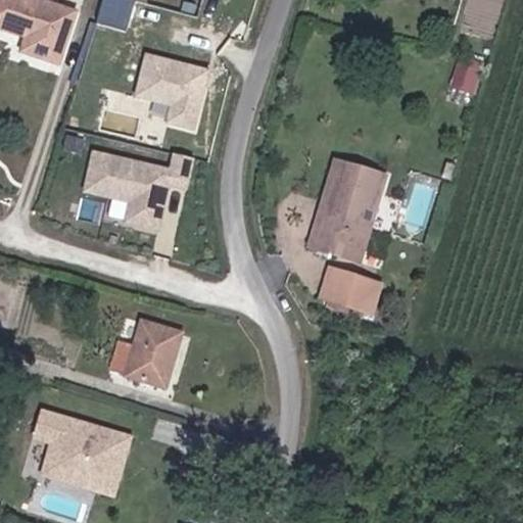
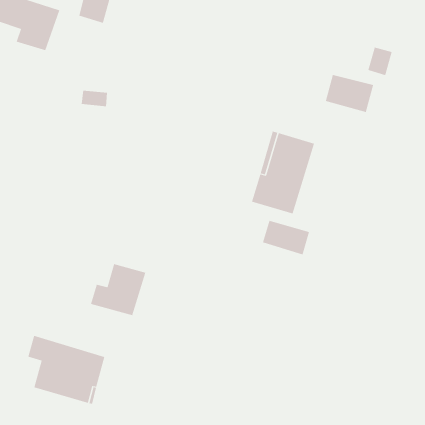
building: [133,48,213,135] -> none
building: none -> [325,74,374,113]
building: [85,148,197,230] -> none

